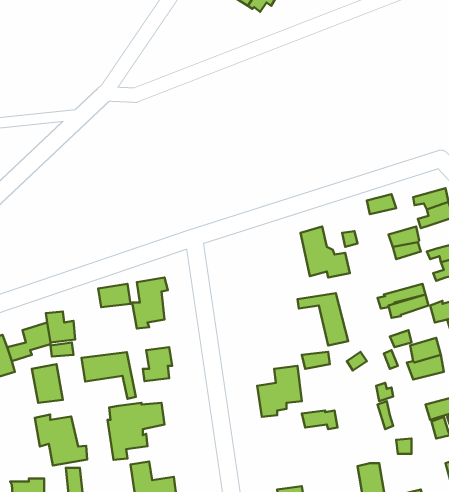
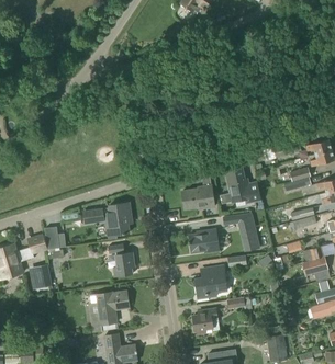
building: none -> [182,185,214,209]
building: none -> [189,229,219,252]
building: [82,352,136,399] -> none
building: [35,415,87,466] -> none
building: none -> [192,309,217,335]

